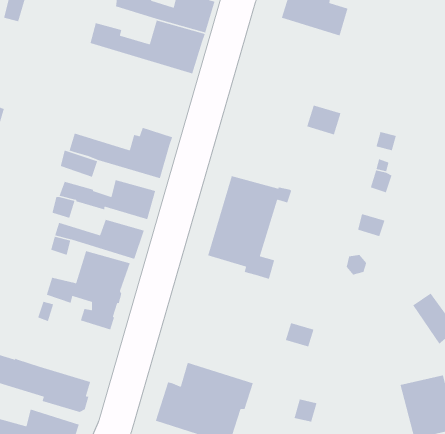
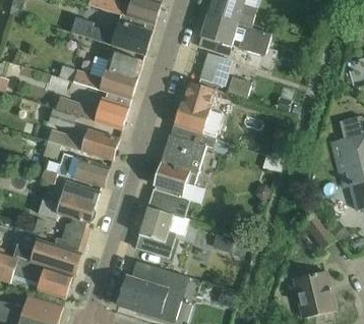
building: none -> [197,14,270,56]
building: none -> [59,52,142,100]
building: none -> [199,53,231,86]
building: none -> [172,82,221,138]
building: none -> [139,188,189,258]
building: none -> [11,232,85,277]

